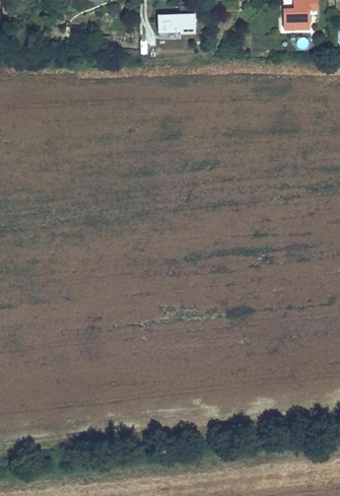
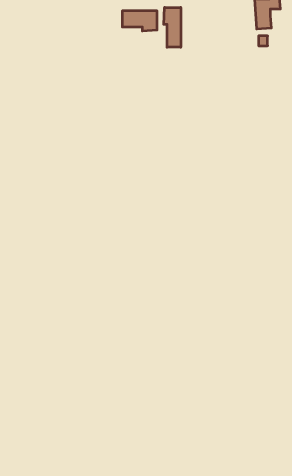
building: none -> [164,7,181,47]

